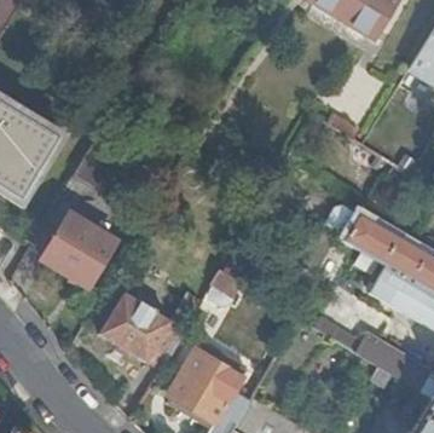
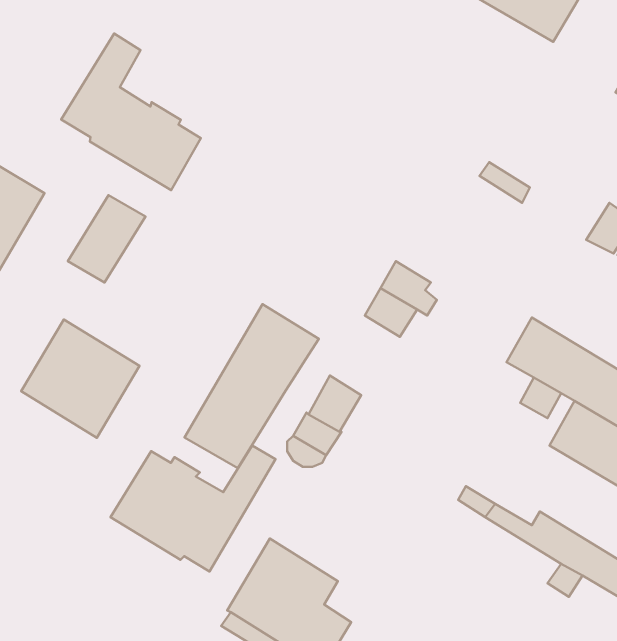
building: none -> [61,34,201,190]
building: none -> [185,304,319,468]

